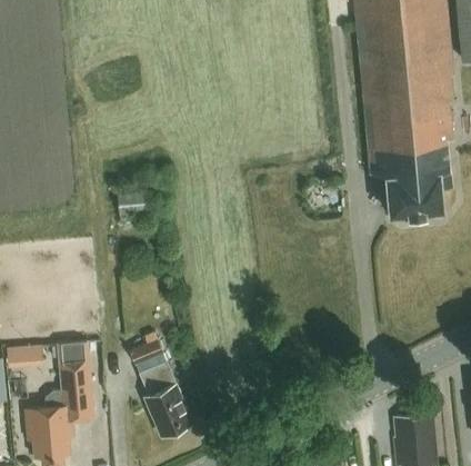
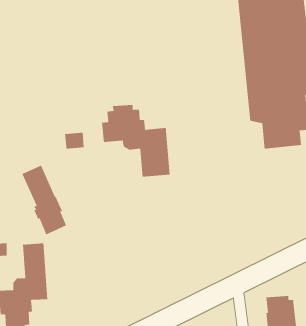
building: none -> [102,104,170,178]
building: [128,340,190,437] -> [21,165,67,235]

